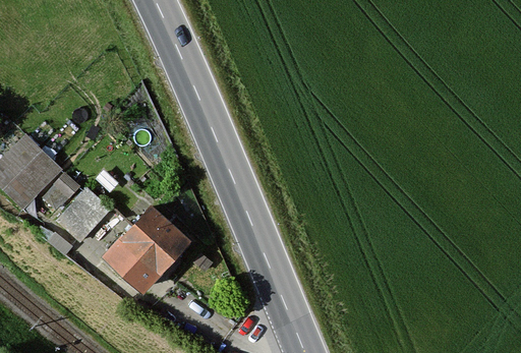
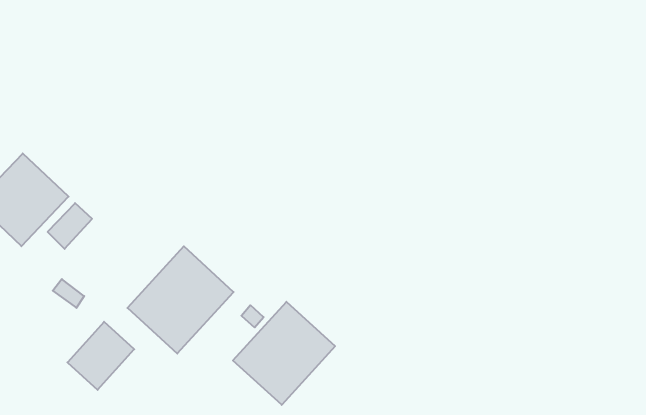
building: [58,188,110,241] -> [67,322,134,390]
building: none -> [233,302,335,405]

